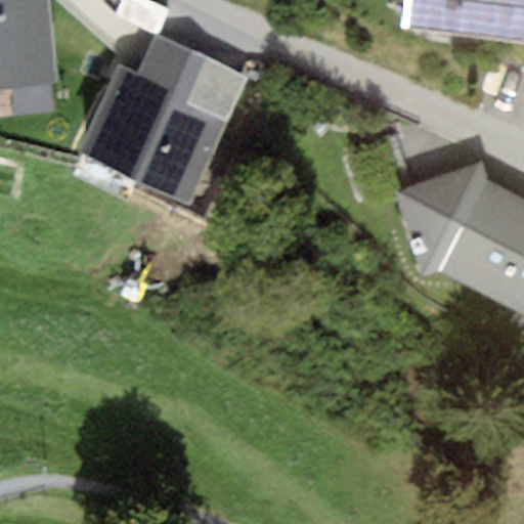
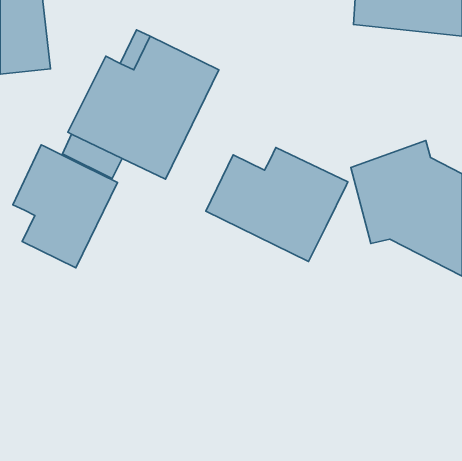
building: none -> [13,145,117,268]
building: none -> [206,147,348,262]

